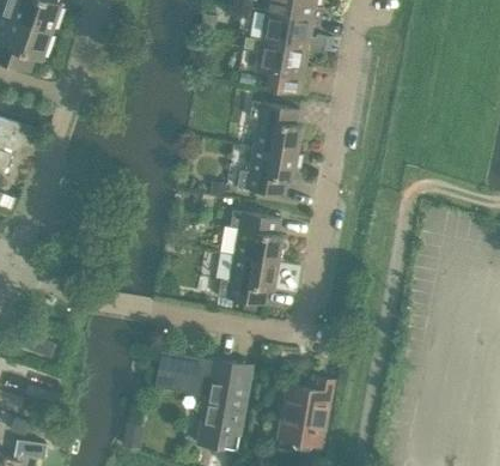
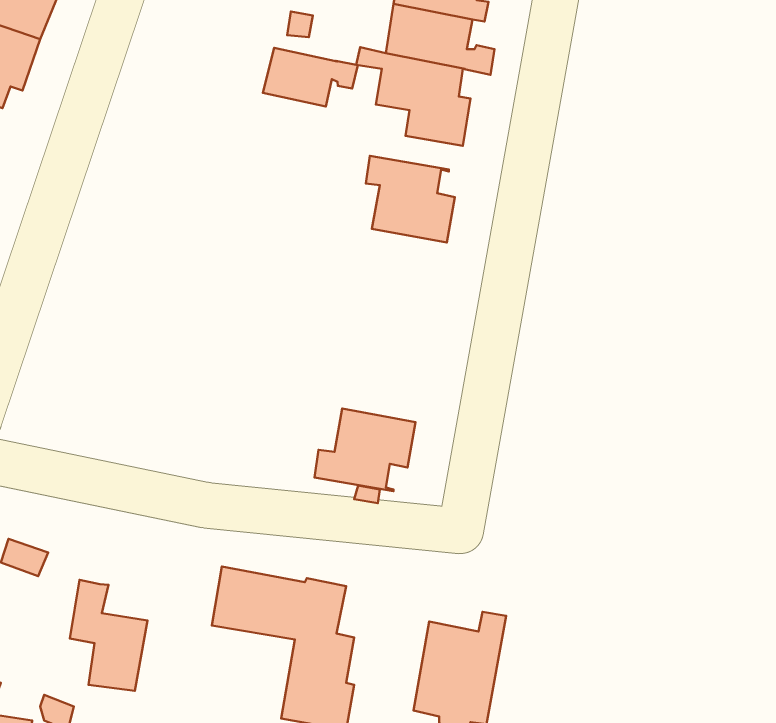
building: none -> [263,48,358,106]
building: [237,146,298,196] -> none
building: [230,211,283,264] -> none
building: none -> [70,580,148,691]

